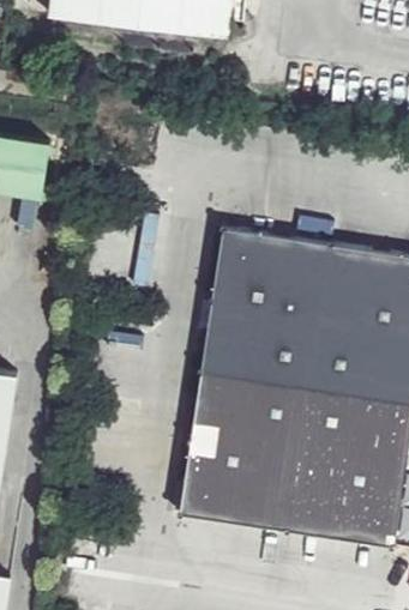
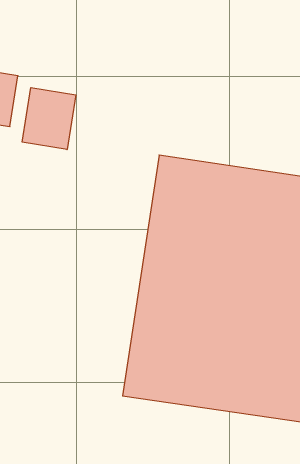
building: none -> [22,88,76,150]

